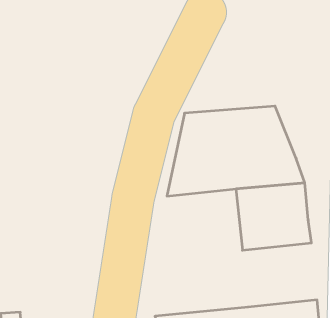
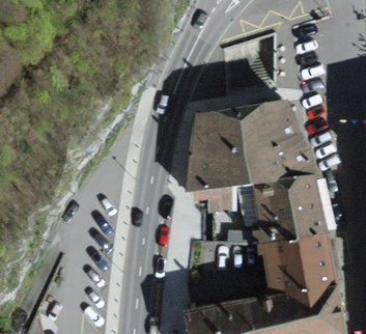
building: none -> [260,233,334,298]

